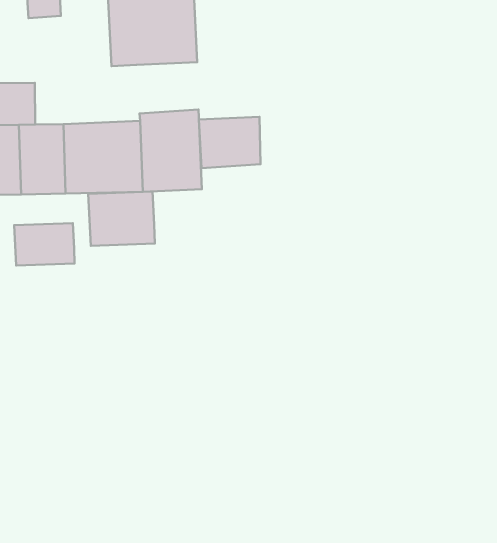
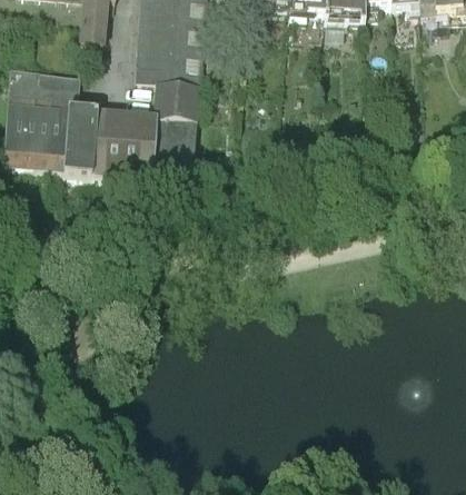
building: [199,117,261,168] -> [153,82,201,121]
building: [88,192,155,246] -> none
building: [14,223,75,265] -> none

